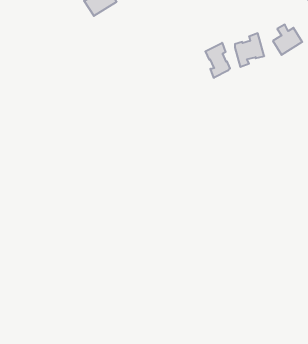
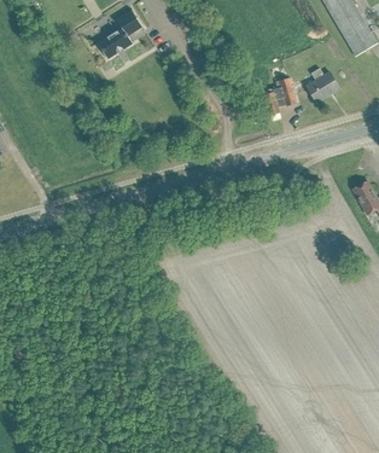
building: [205,43,230,78] -> none

